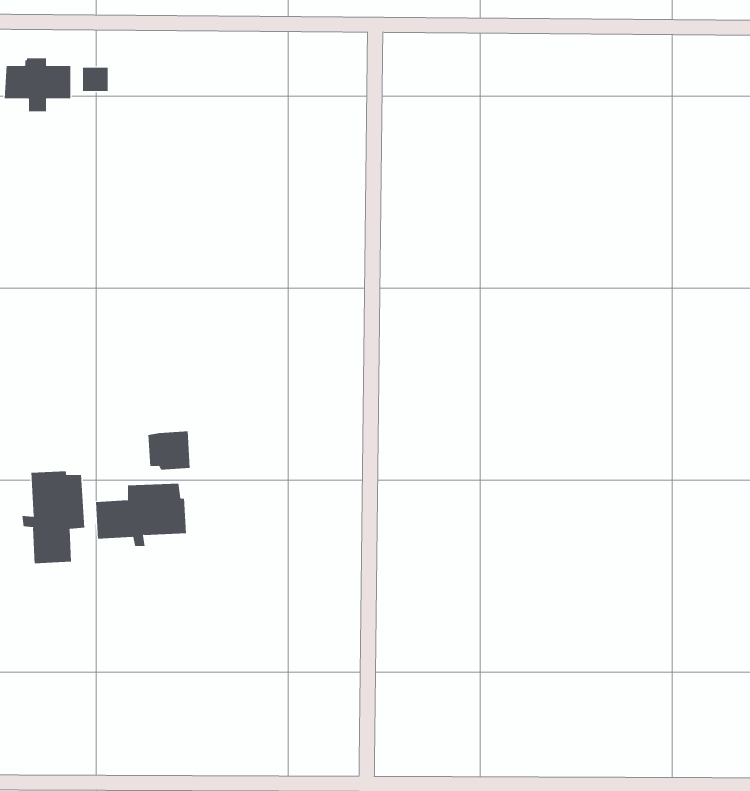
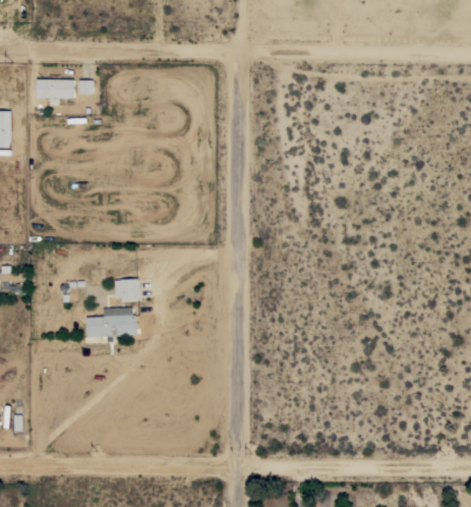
building: [22,470,85,564] -> none

